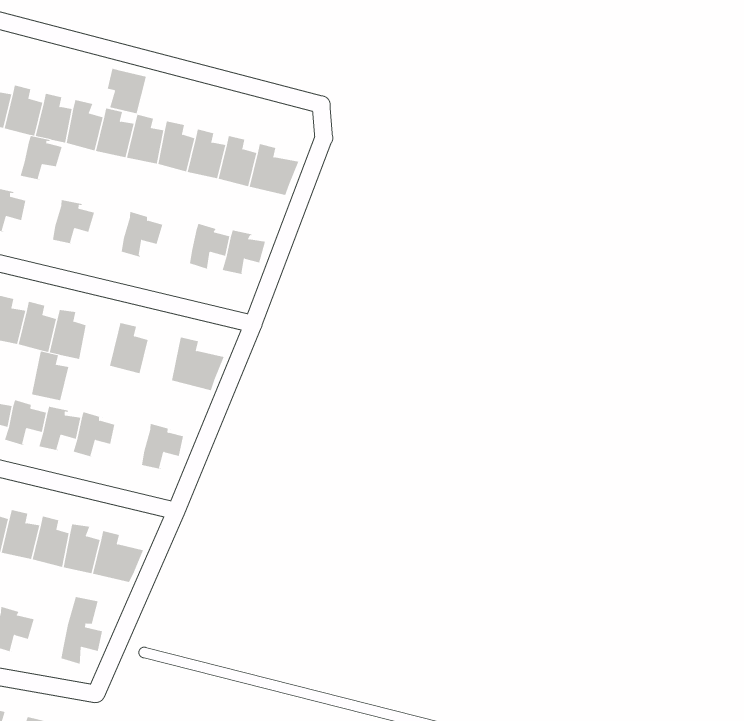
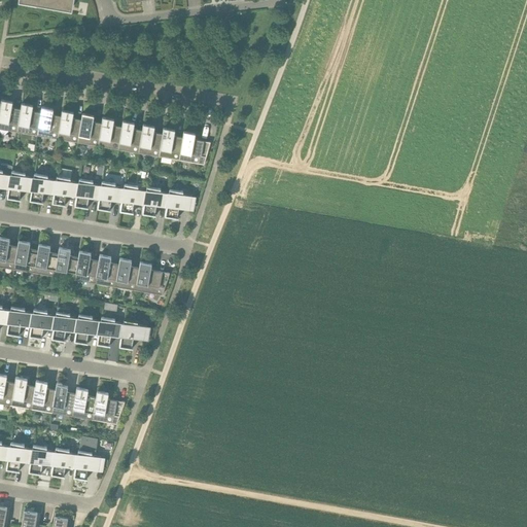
building: [107,68,147,114] -> none
building: [20,136,63,180] -> [29,173,56,202]
building: none -> [74,178,101,207]
building: none -> [119,183,145,212]
building: none -> [114,257,138,289]
building: [31,351,69,401] -> [74,250,98,282]
building: none -> [96,316,122,345]
building: none -> [50,447,76,476]

